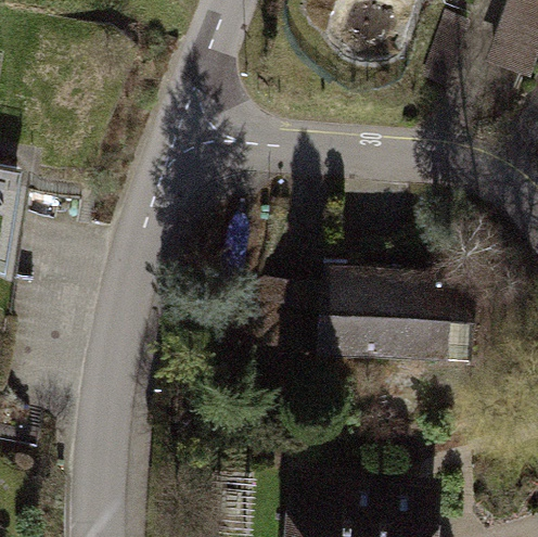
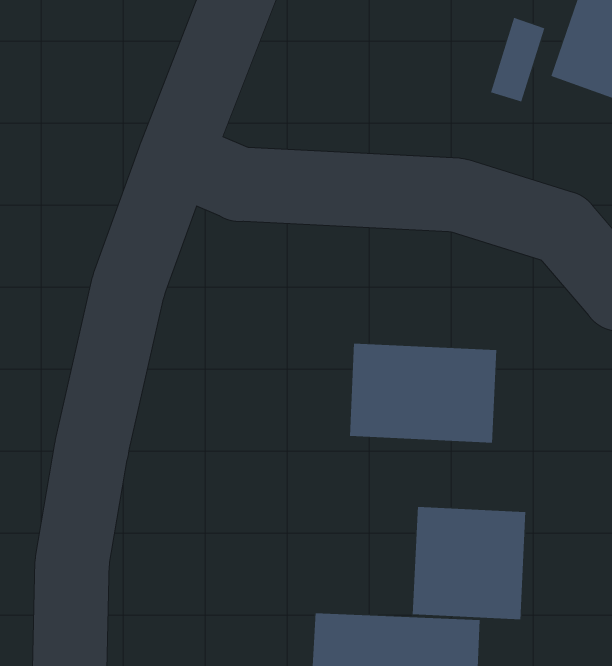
building: none -> [412,506,526,620]

